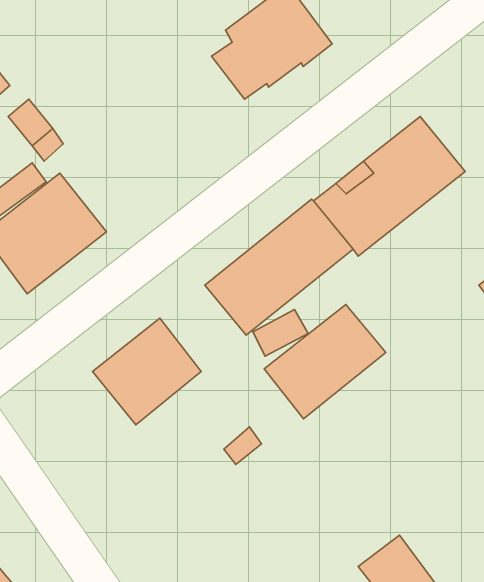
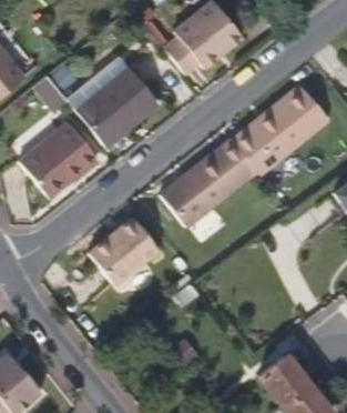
building: none -> [76,66,160,145]
building: [264,304,386,419] -> none

